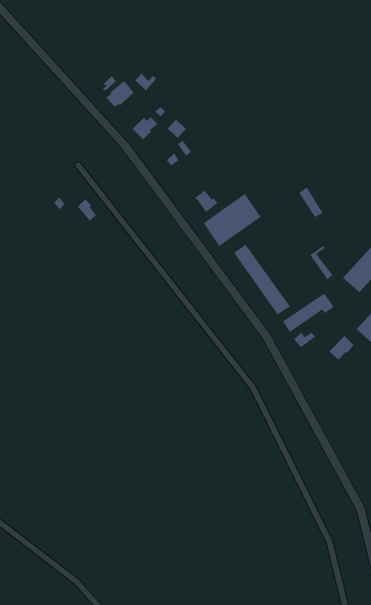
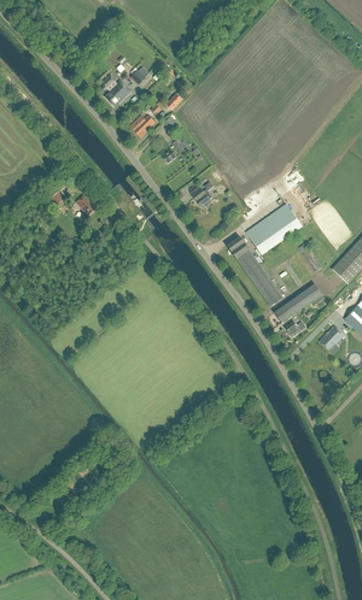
building: [203,193,262,247] -> [245,204,302,255]

